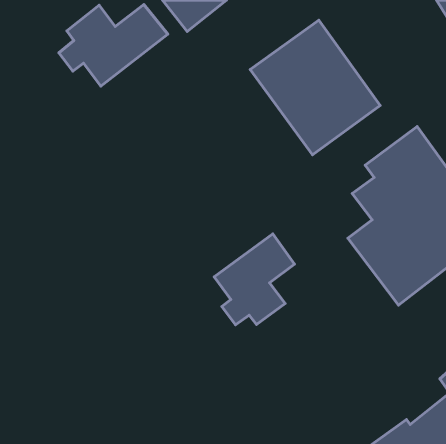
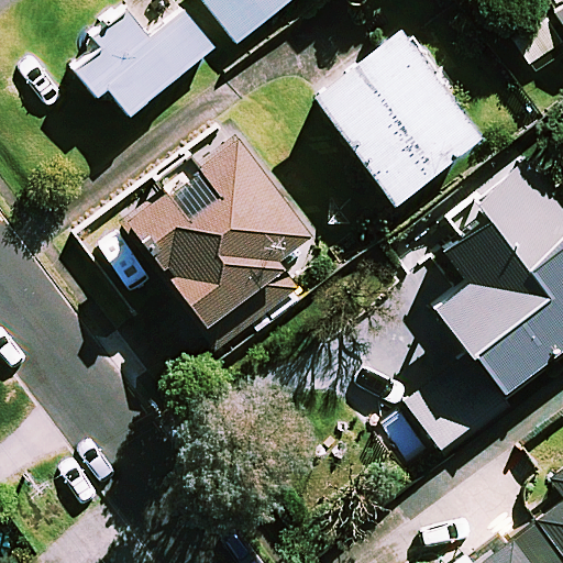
building: none -> [129,135,313,353]
building: [214,234,295,325] -> none

